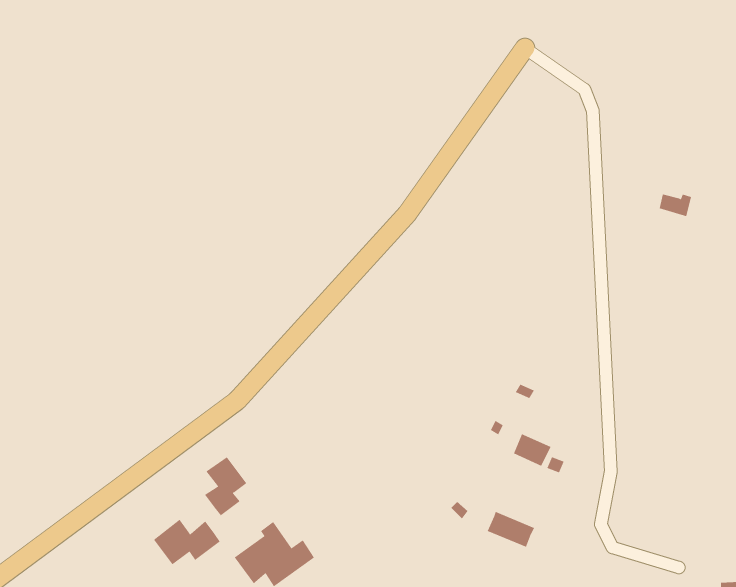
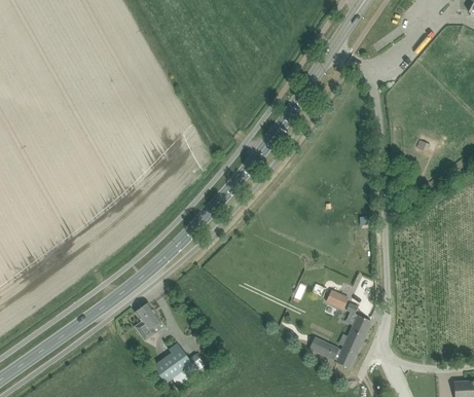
building: none -> [336,314,371,367]
building: [153,519,221,565] -> none

